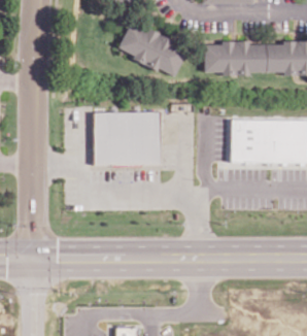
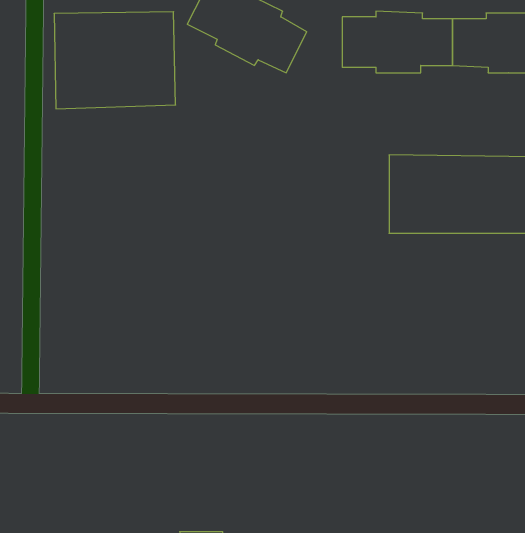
building: [94,112,161,166] -> [54,12,176,109]

